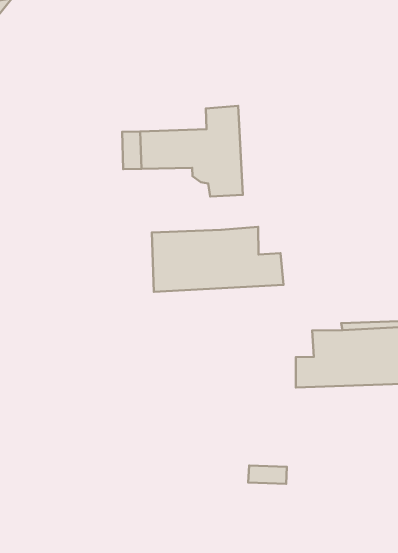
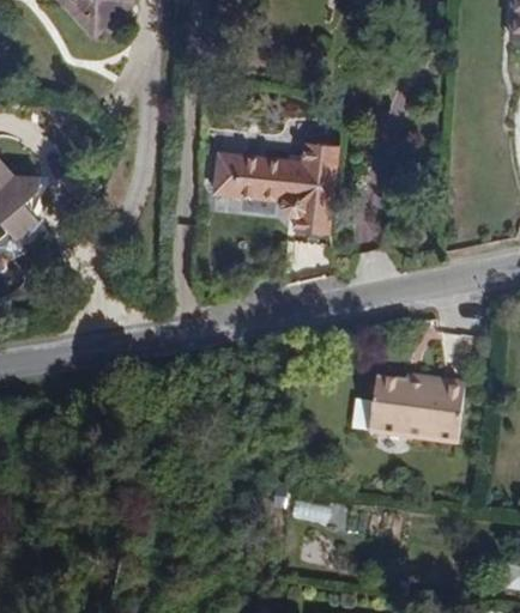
building: [152,227,284,292] -> none

